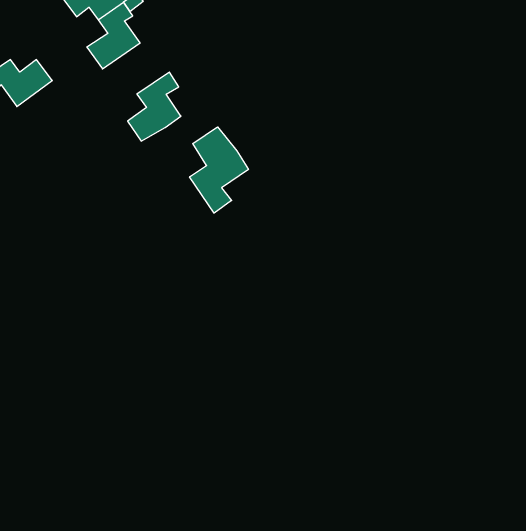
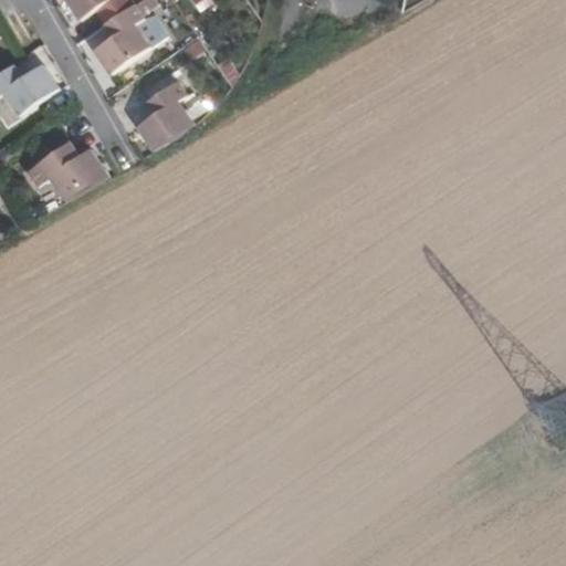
building: [190,127,248,213] -> none
building: none -> [24,147,105,200]

